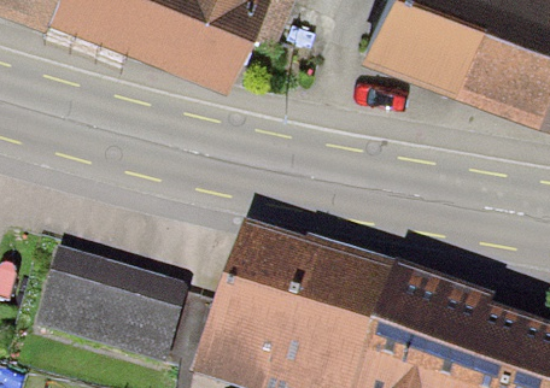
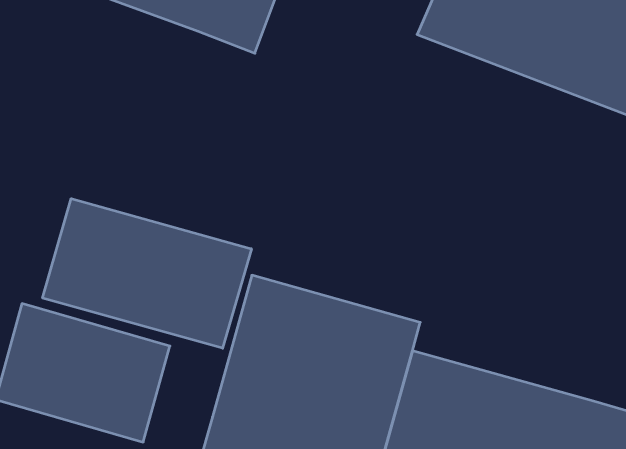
building: none -> [43,199,251,348]

